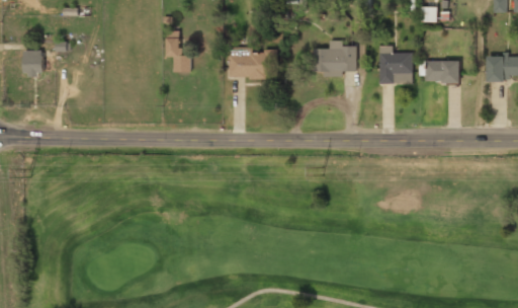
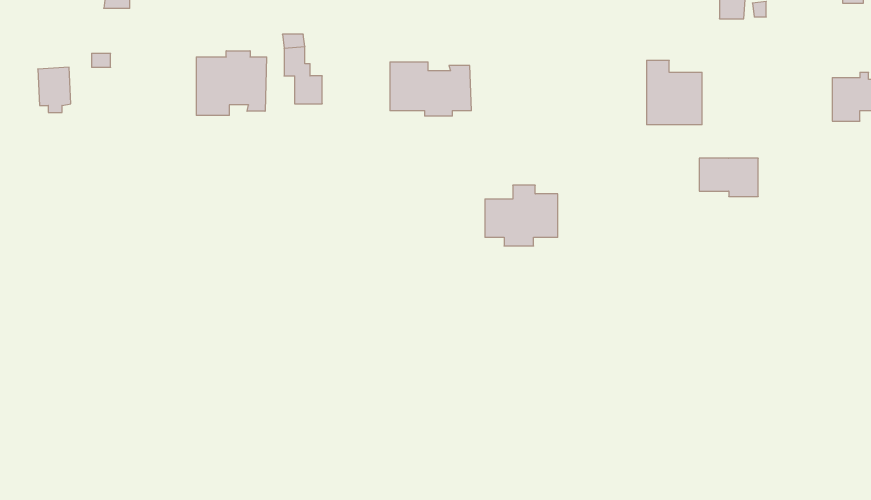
building: none -> [196,51,267,115]
building: [314,41,356,76] -> [485,185,558,246]
building: [426,61,460,83] -> [699,158,758,196]

